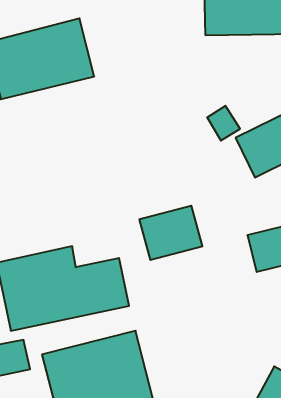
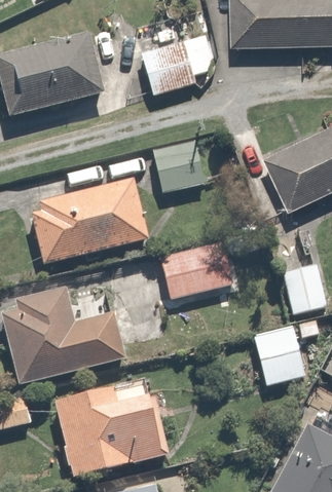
building: none -> [138,34,213,99]
building: none -> [146,140,213,193]
building: none -> [29,179,146,263]
building: none -> [250,324,307,390]

